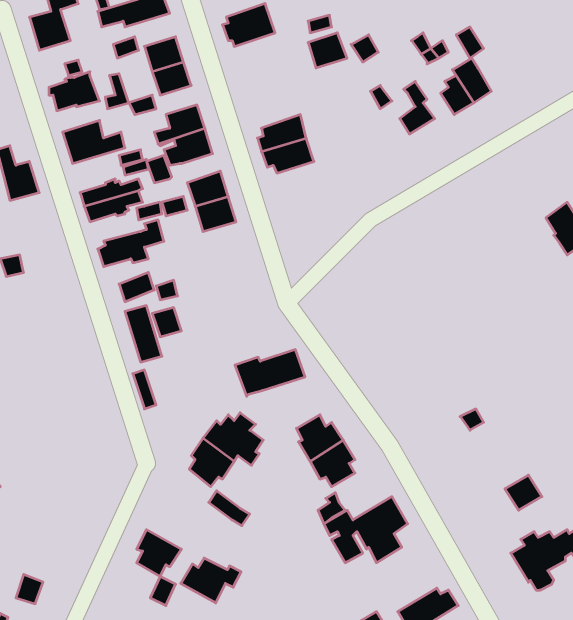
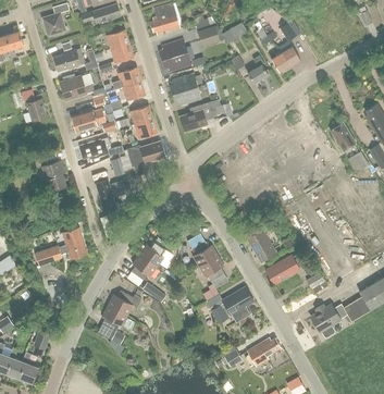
building: none -> [159,38,190,71]
building: none -> [179,98,220,131]
building: none -> [41,159,66,189]
building: [235,350,305,396] -> [126,140,165,167]
building: none -> [35,227,87,263]
building: none -> [247,229,277,262]
building: none -> [267,254,301,286]
building: [181,558,241,603] -> [108,290,141,315]

